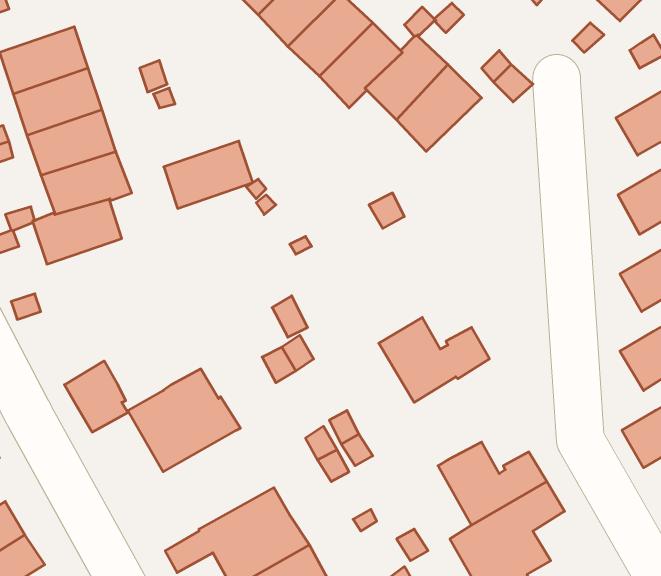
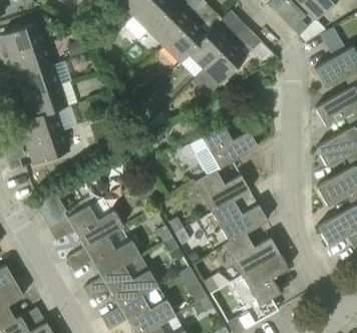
building: [164,141,253,208] -> [25,130,70,164]
building: none -> [196,125,258,174]
building: none -> [212,201,268,243]
building: none -> [84,228,140,278]

